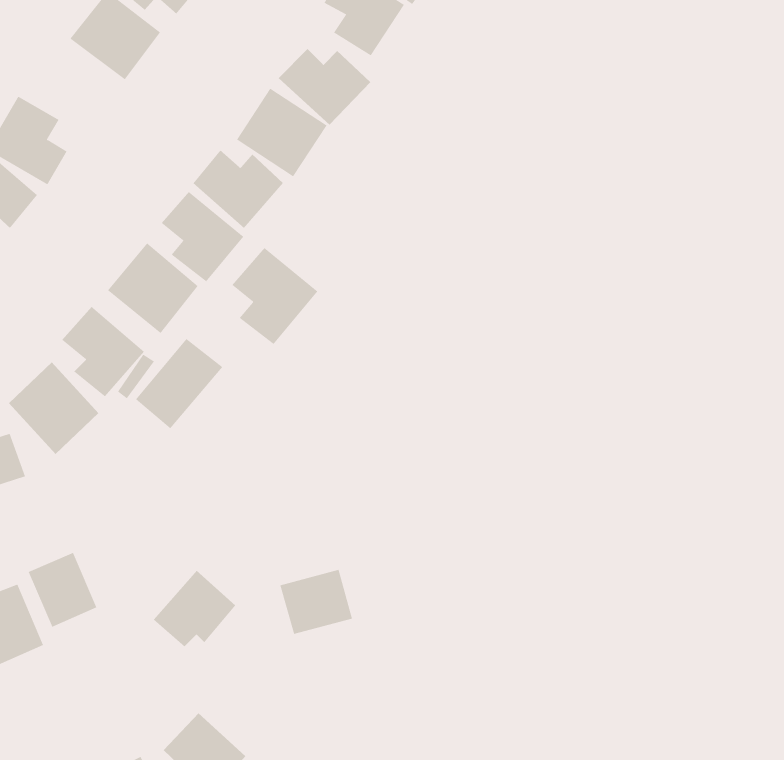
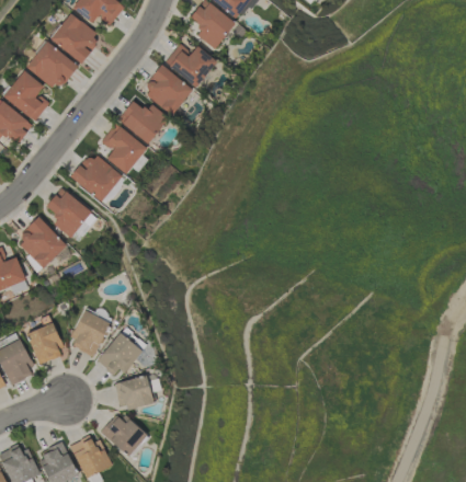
building: none -> [26,42,78,92]
building: [231,247,318,345] -> none
building: [135,338,223,429] -> none
building: none -> [67,310,111,356]
building: [280,569,353,635] -> [113,375,154,411]

